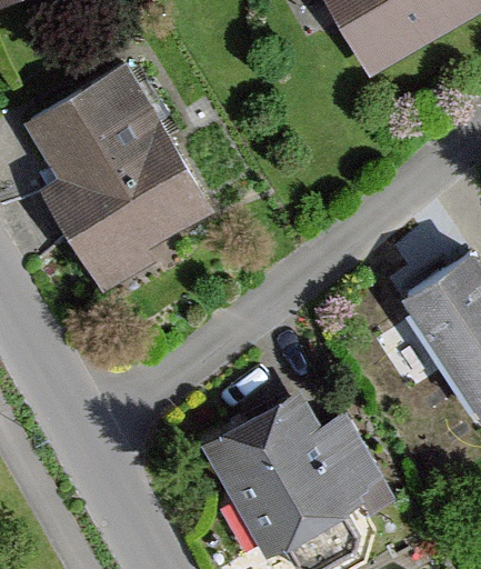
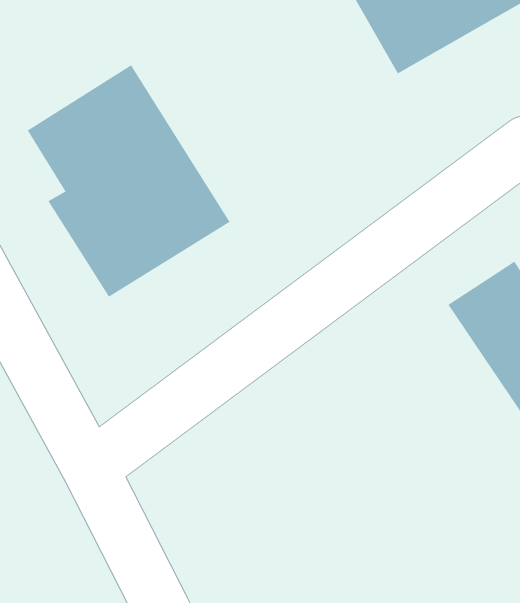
building: [196,388,381,553] -> none

